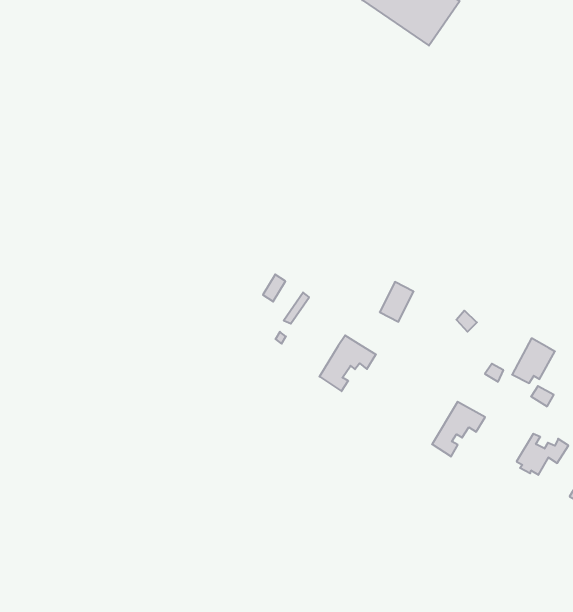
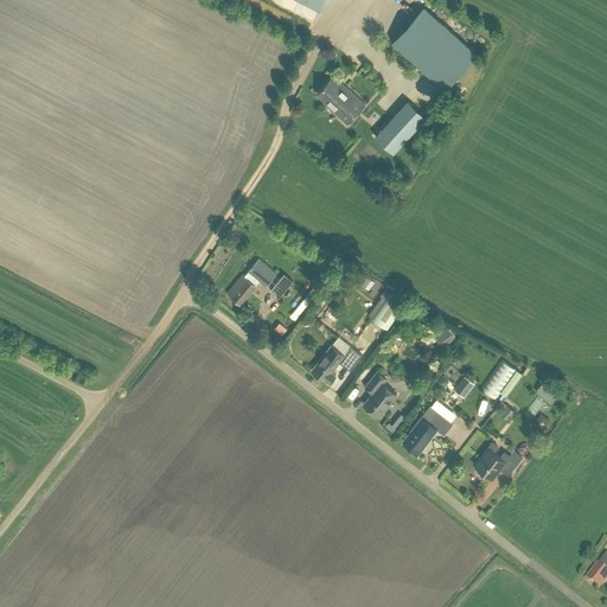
building: none -> [315,78,364,126]
building: none -> [375,102,426,154]
building: none -> [226,260,276,306]
building: none -> [363,372,396,417]

